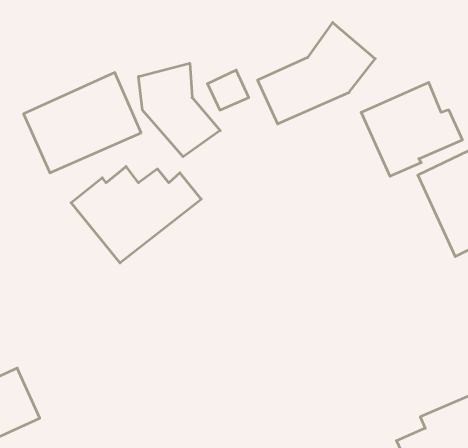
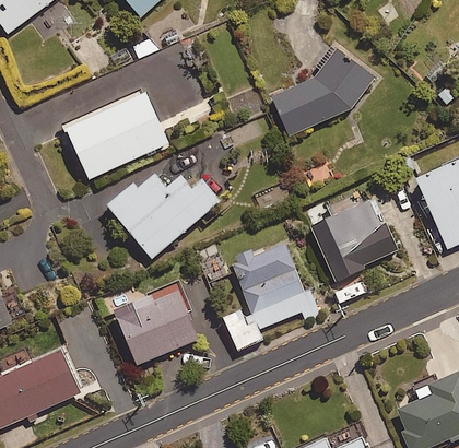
building: [139,63,220,157] -> none
building: [361,82,462,176] -> [310,199,399,281]
building: none -> [223,244,316,350]
building: none -> [115,285,198,364]

